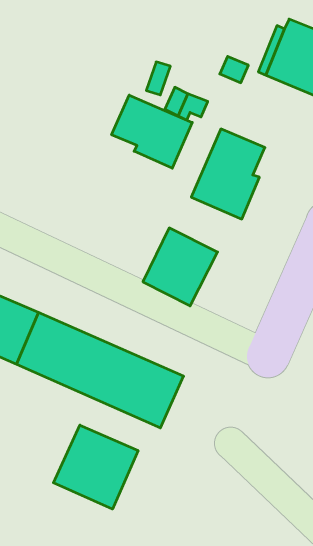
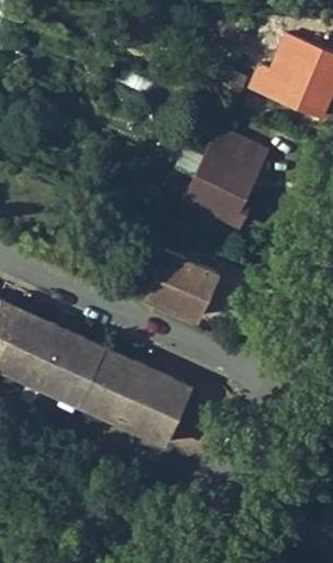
building: [112,95,192,168] -> none
building: [53,425,138,509] -> none

